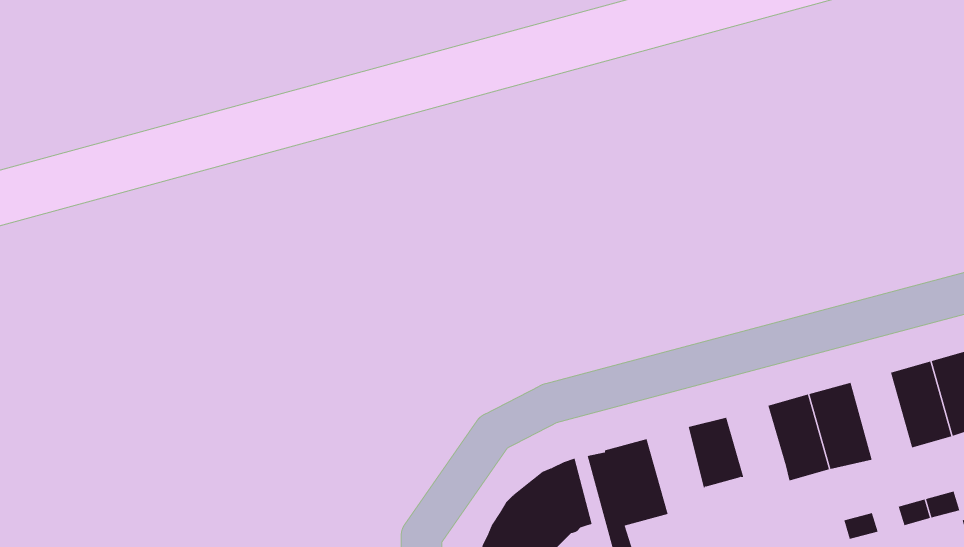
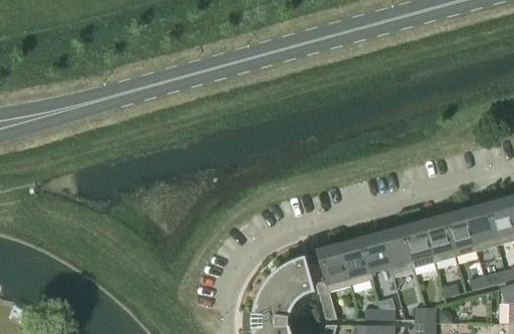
building: none -> [446,212,477,257]
building: none -> [381,229,414,275]
building: none -> [340,240,373,285]

